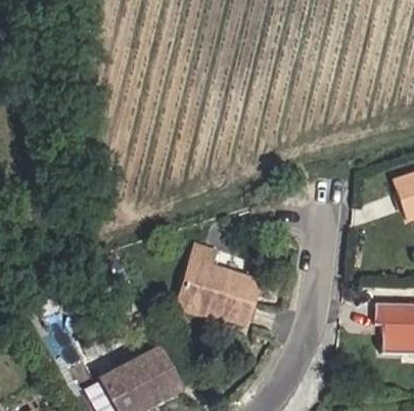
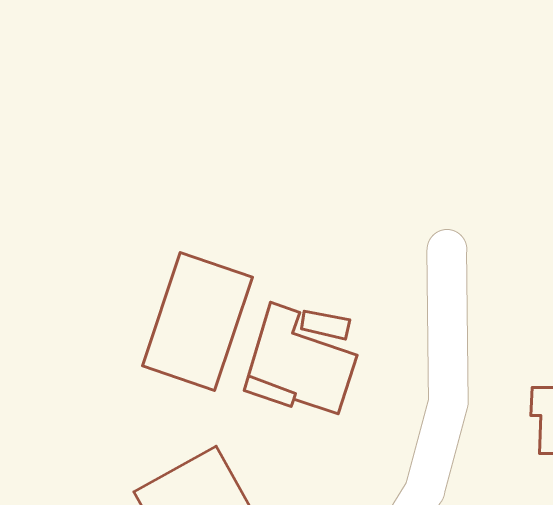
building: none -> [142,253,252,391]

